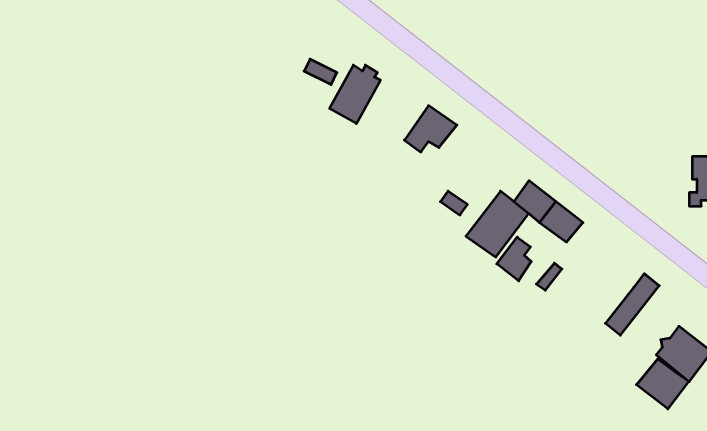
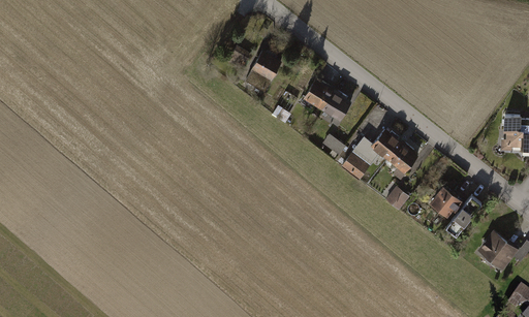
building: none -> [326,93,357,122]
building: [497,237,531,281] -> none
building: none -> [427,187,461,217]
building: [636,359,689,409] -> none

